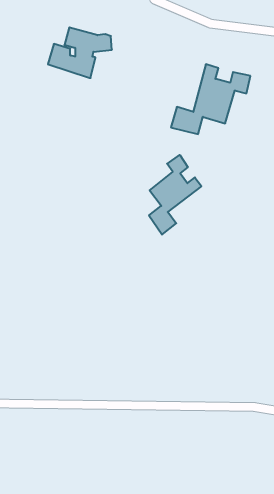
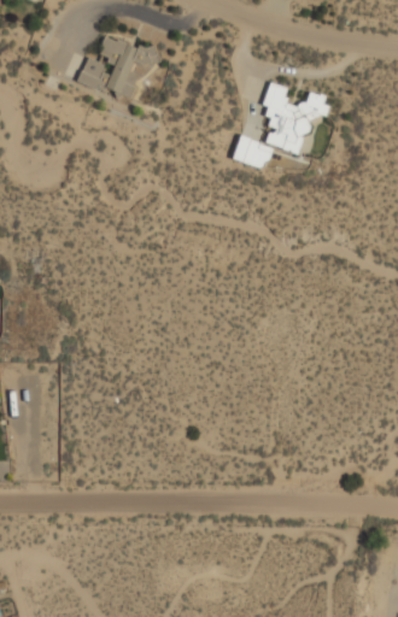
building: [149,155,201,235] -> none

